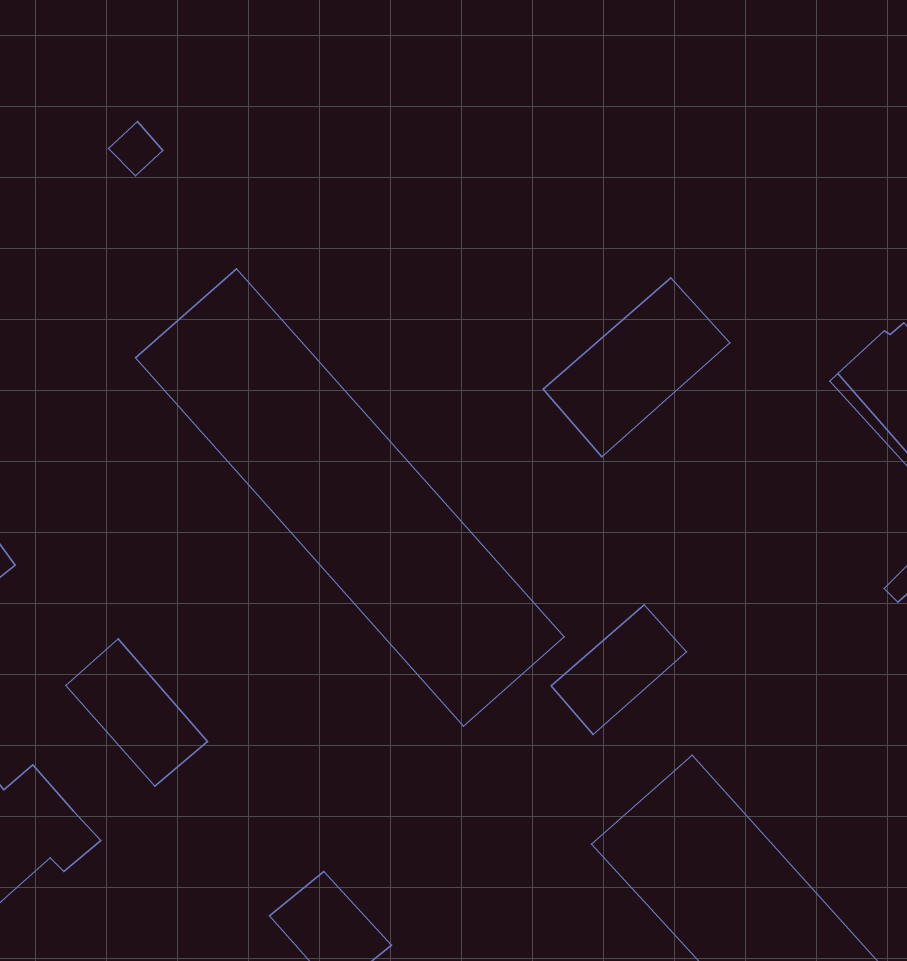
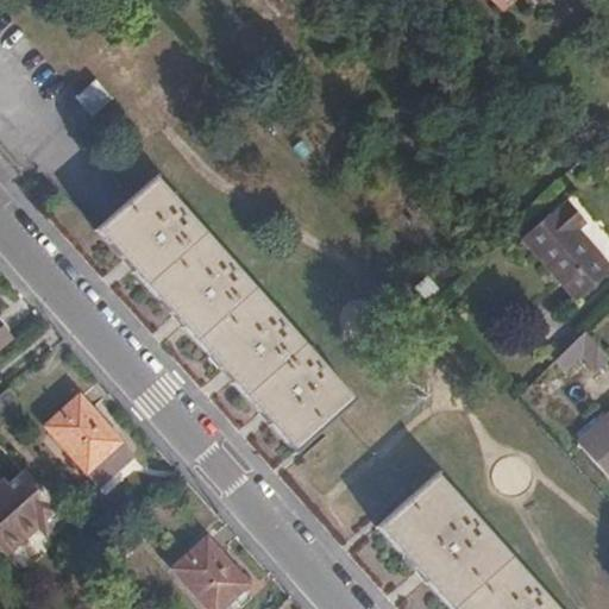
building: [543,278,730,457] -> none
building: [551,605,686,735] -> none

